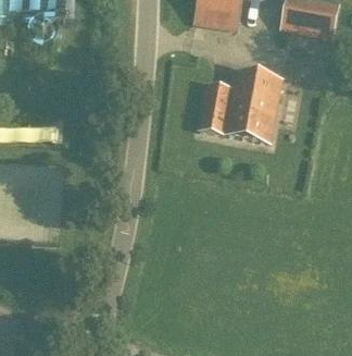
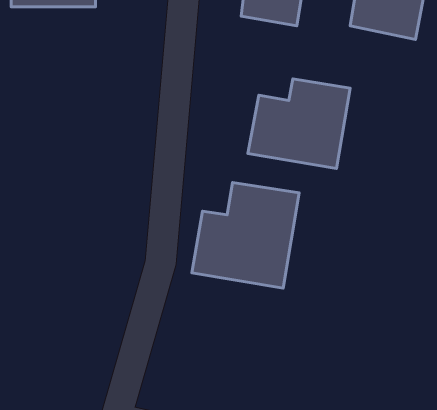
building: none -> [192,182,299,288]

